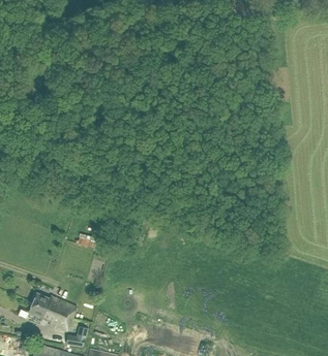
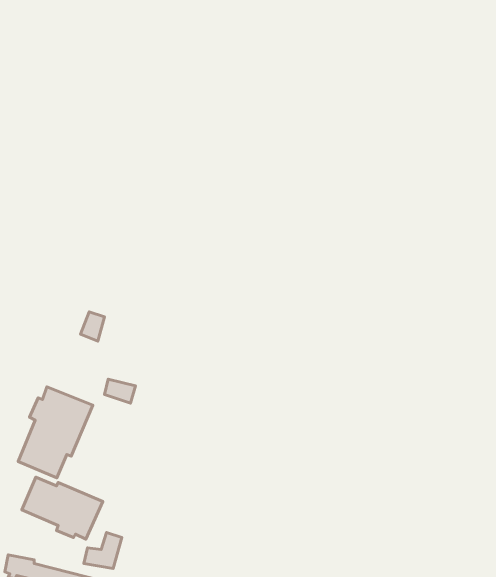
building: none -> [18,387,93,478]

